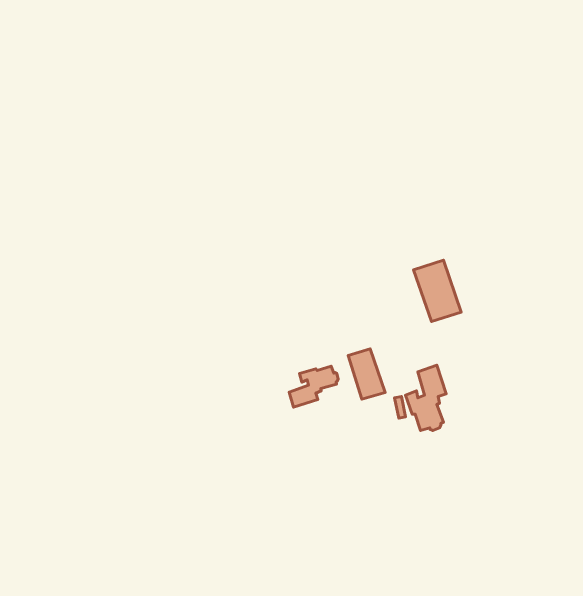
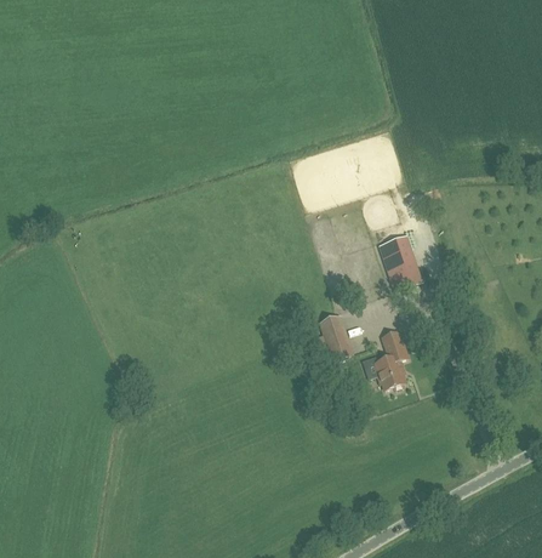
building: [289,366,338,407] -> none

